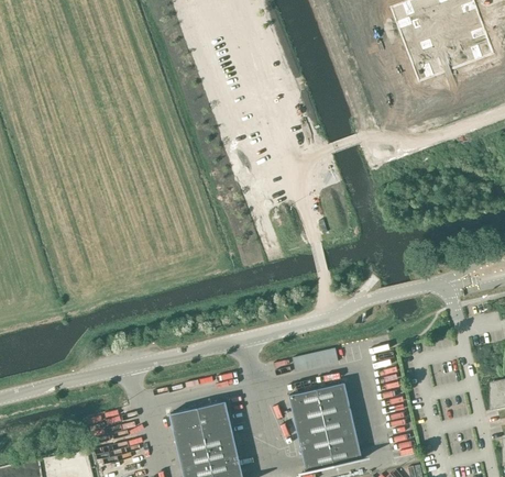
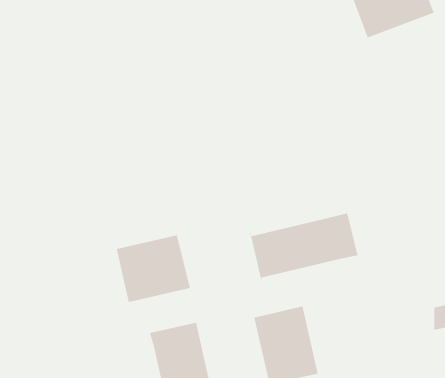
building: none -> [250,213,358,282]
building: none -> [116,234,190,303]

